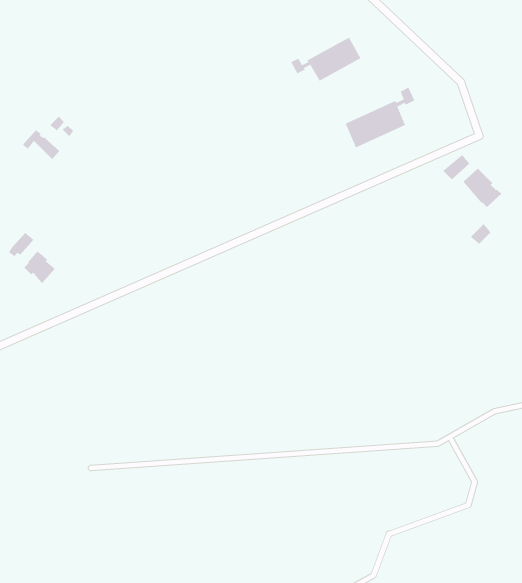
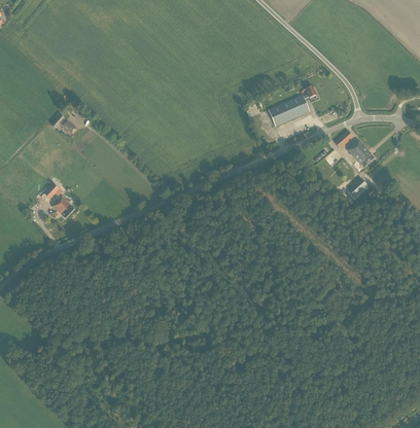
building: [290,37,361,81] -> none

